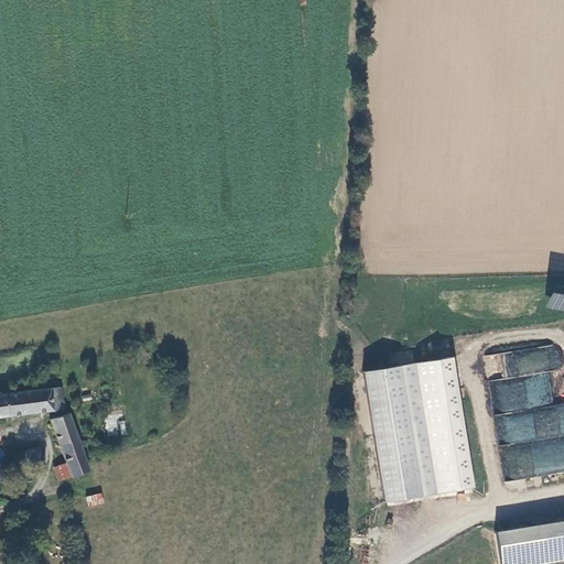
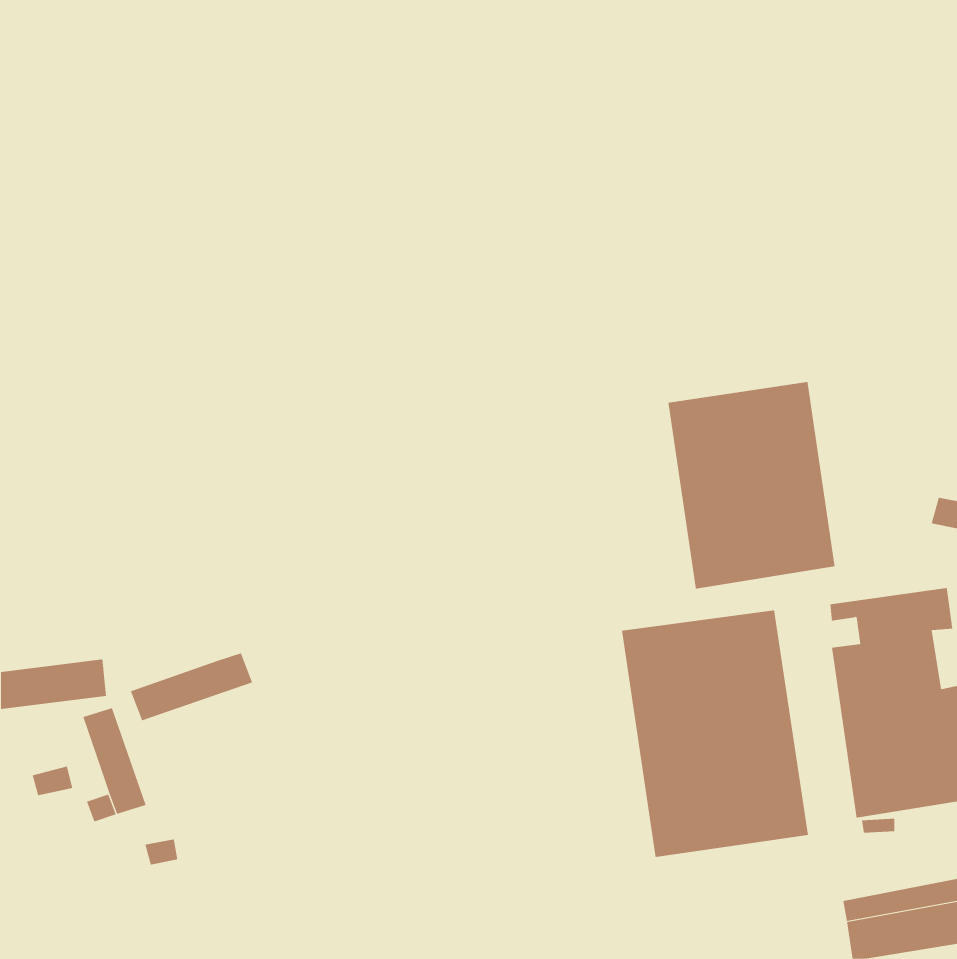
building: none -> [668,381,835,589]
building: none -> [130,652,253,721]

